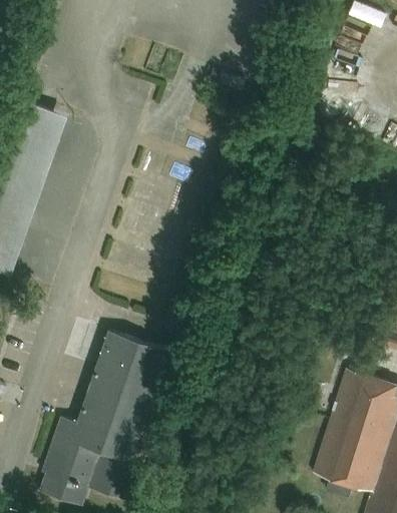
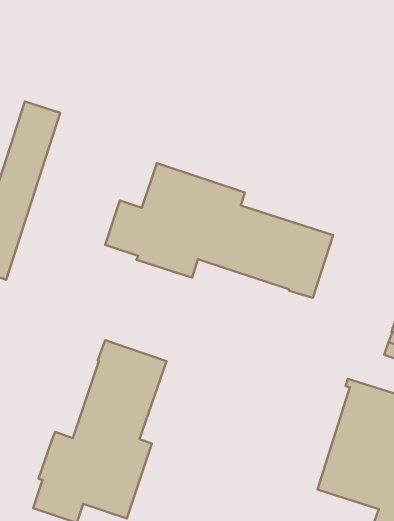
building: none -> [105,163,333,298]

